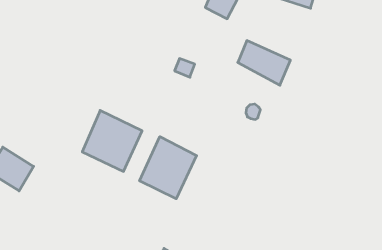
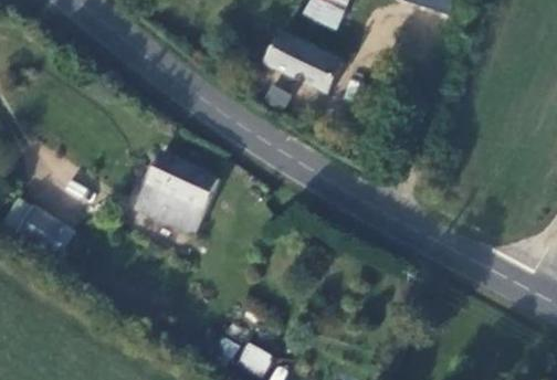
building: [238,41,290,85] -> [267,32,339,93]
building: [140,137,197,199] -> none

